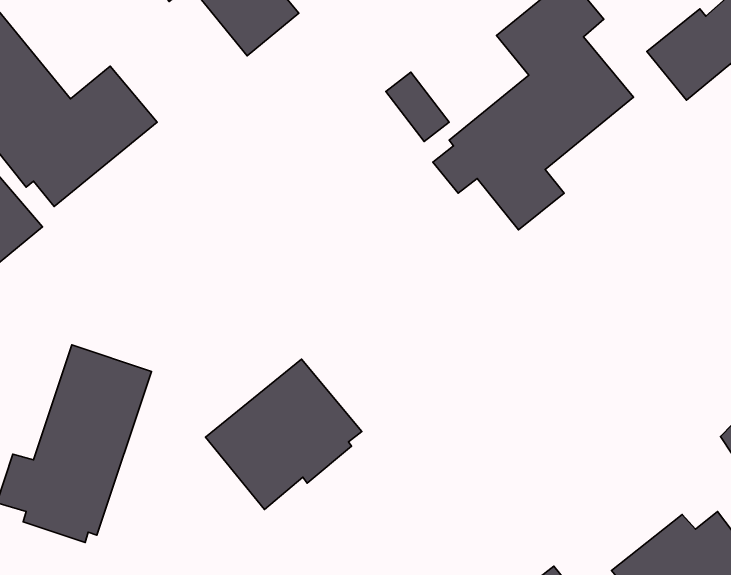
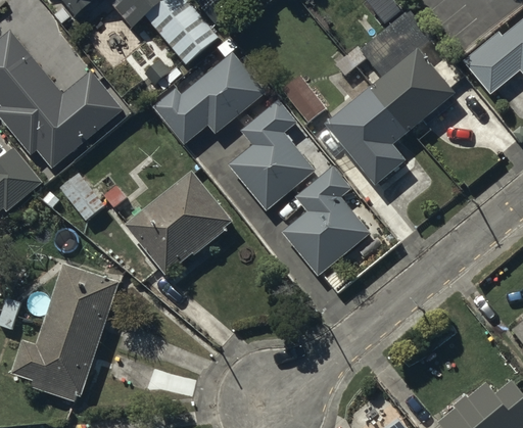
building: none -> [152,52,266,145]
building: none -> [228,100,314,209]
building: none -> [282,165,370,276]
building: [206,359,362,510] -> [124,171,232,275]

